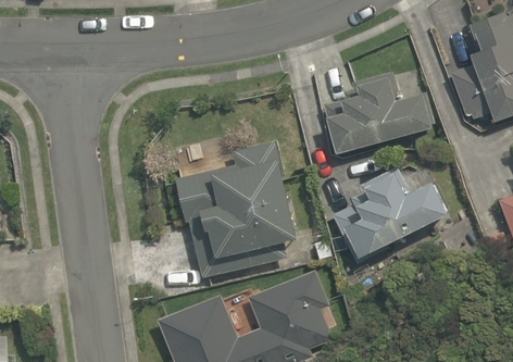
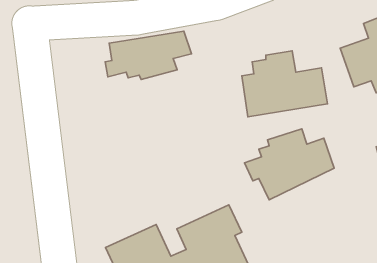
building: none -> [105,31,192,80]
building: [177,121,296,277] -> none

